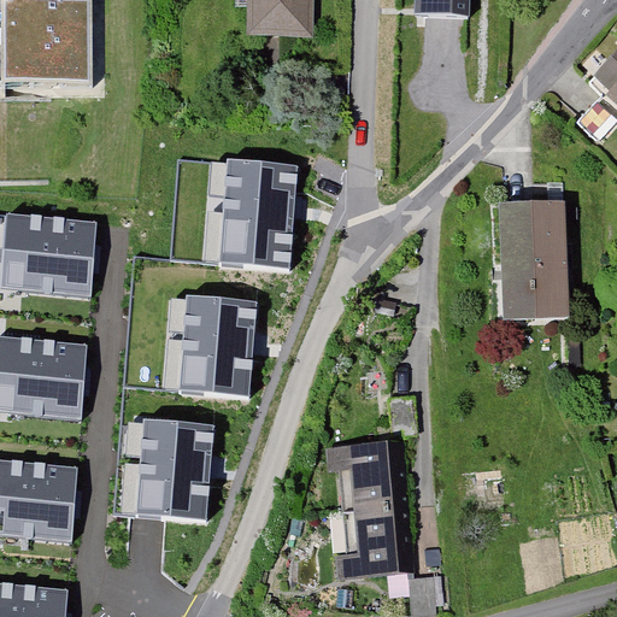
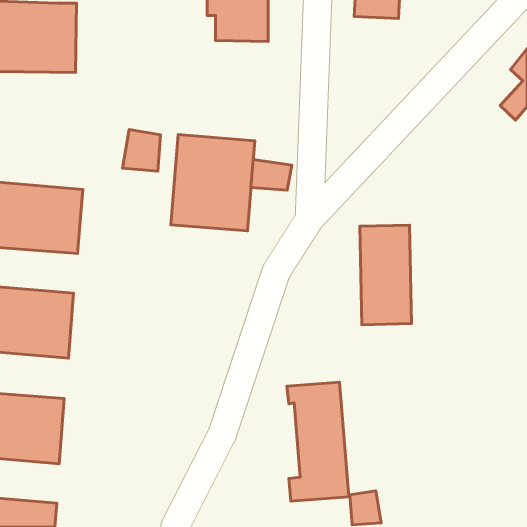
building: none -> [122,130,161,171]
building: none -> [251,159,292,190]
building: [503,201,563,317] -> [360,225,411,325]
building: [163,289,260,401] -> none
building: [124,416,222,528] -> none

